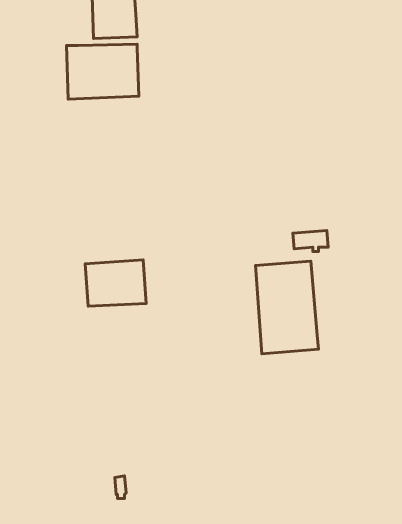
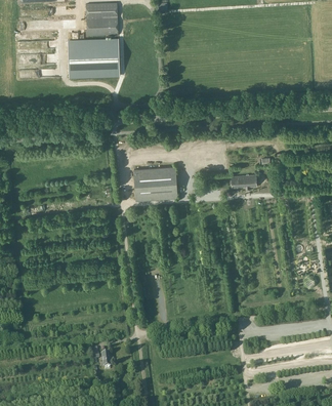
building: [85,260,146,306] -> [133,165,177,199]
building: [255,261,319,354] -> none

